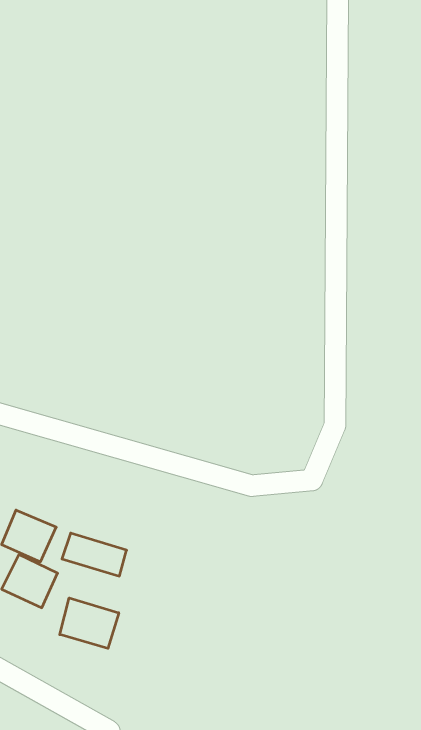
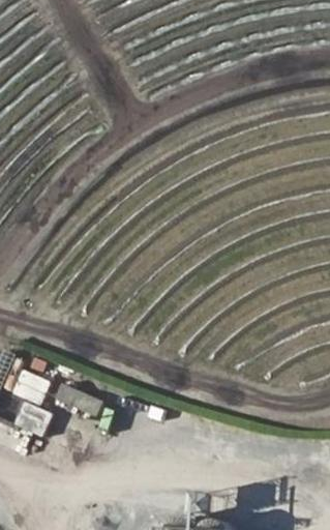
building: [60,598,119,648] -> none

